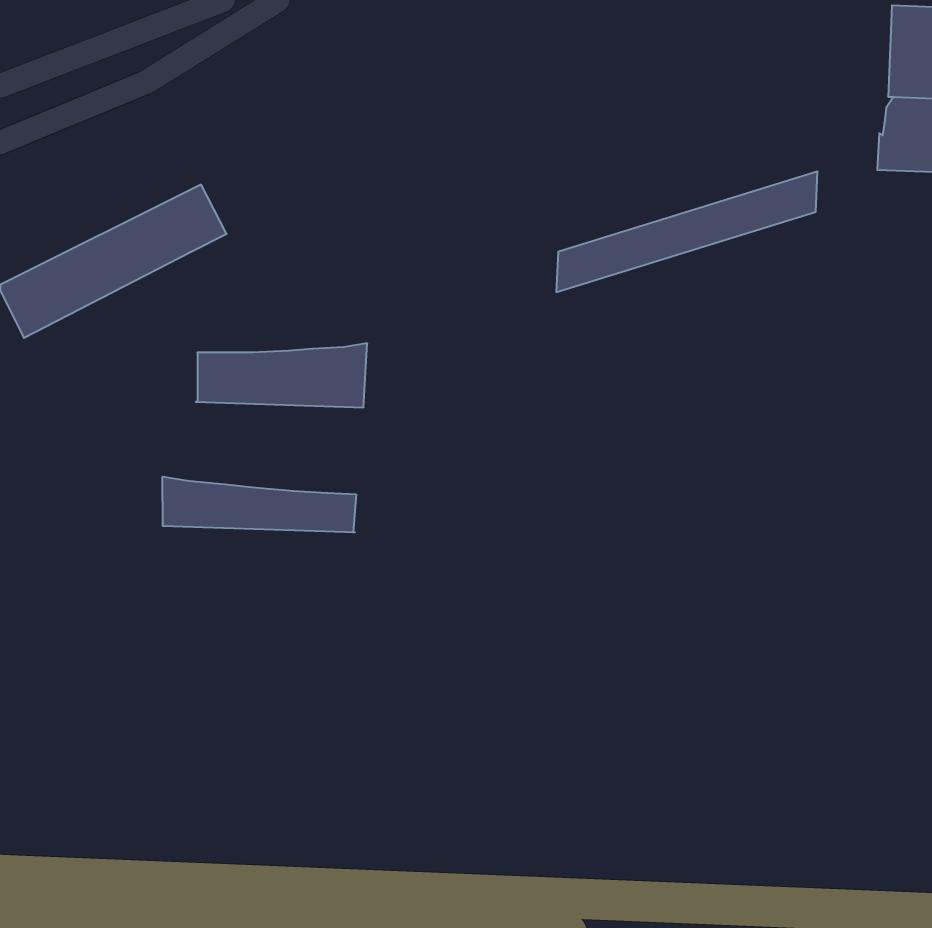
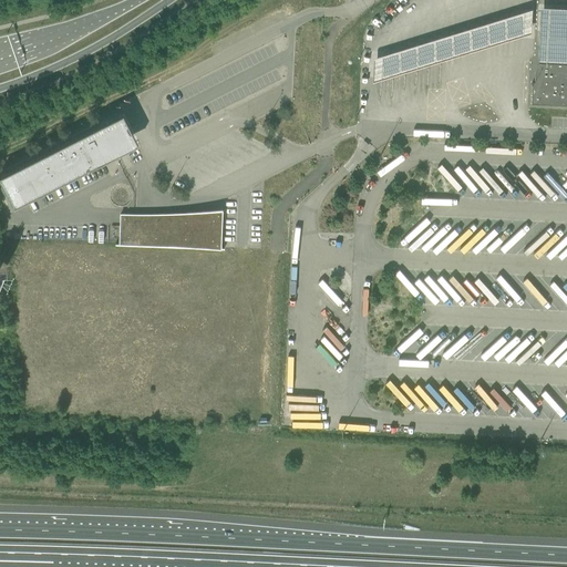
building: [556,172,818,292] -> [375,8,534,81]
building: [163,477,356,532] -> none

